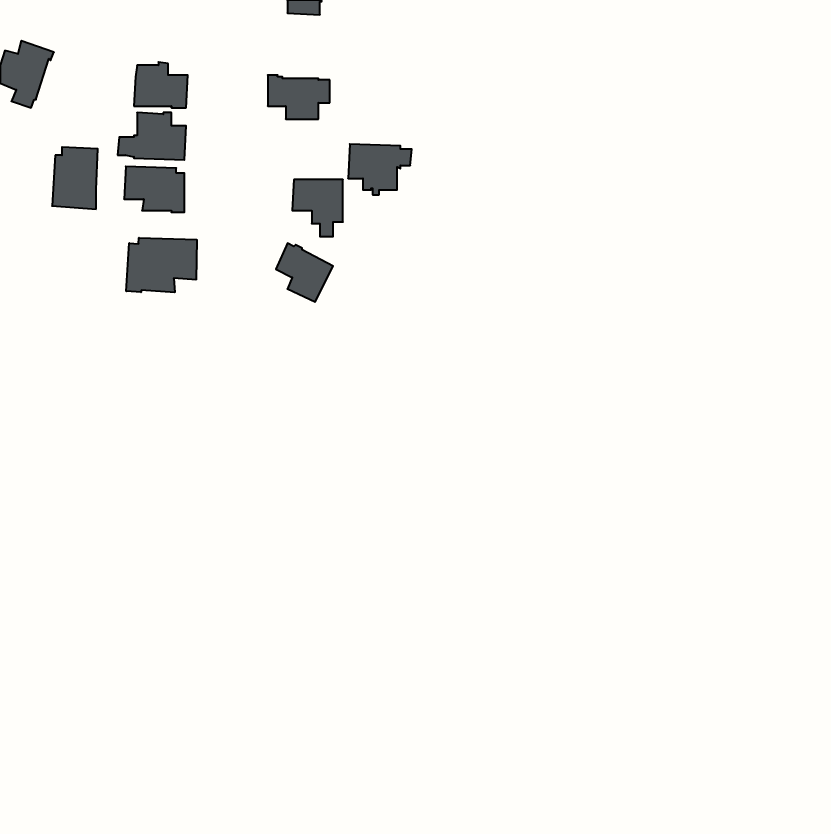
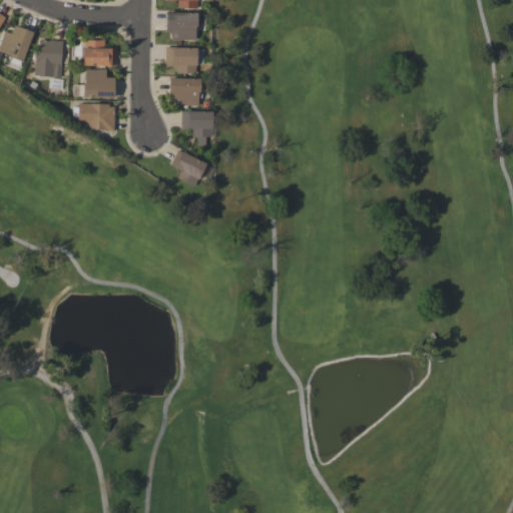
building: none -> [166,12,198,40]
building: [348,144,412,195] -> [169,77,208,108]
building: [52,147,98,209] -> [35,39,63,77]
building: [126,238,197,292] -> none

